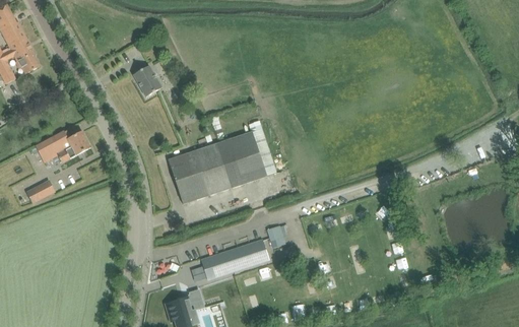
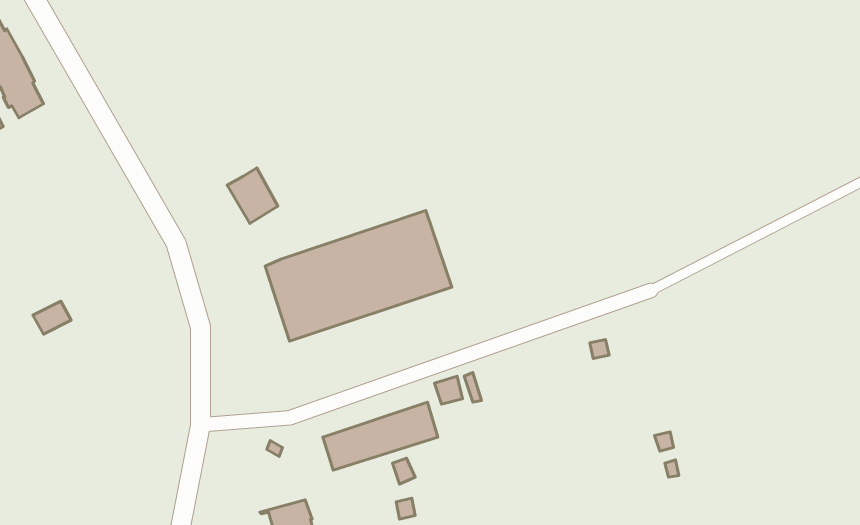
building: [131,65,160,97] -> [227,168,278,224]
building: [35,132,88,162] -> none

